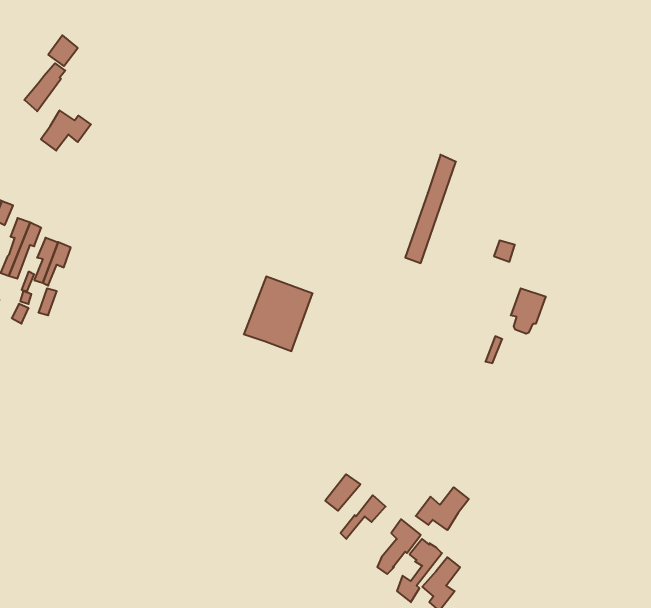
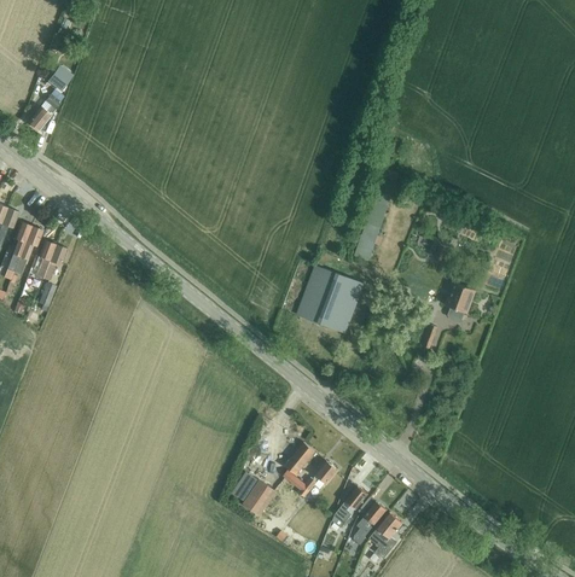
building: [41,110,91,151] -> none
building: [244,276,313,351] -> [301,268,360,332]
building: [416,487,469,530] -> none
building: none -> [242,480,274,515]

